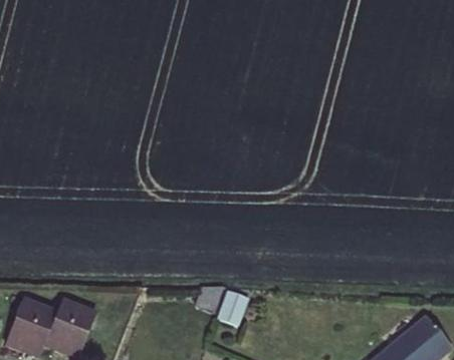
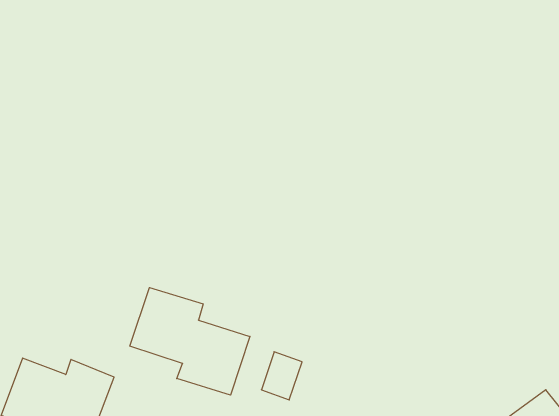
building: none -> [130,288,250,395]

